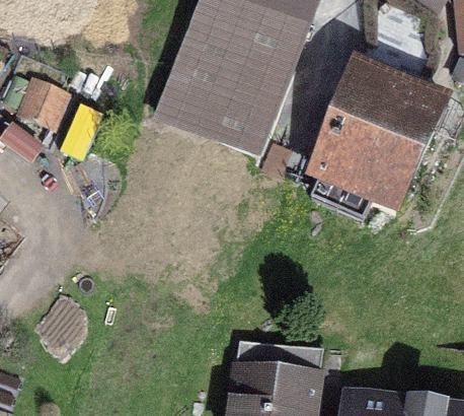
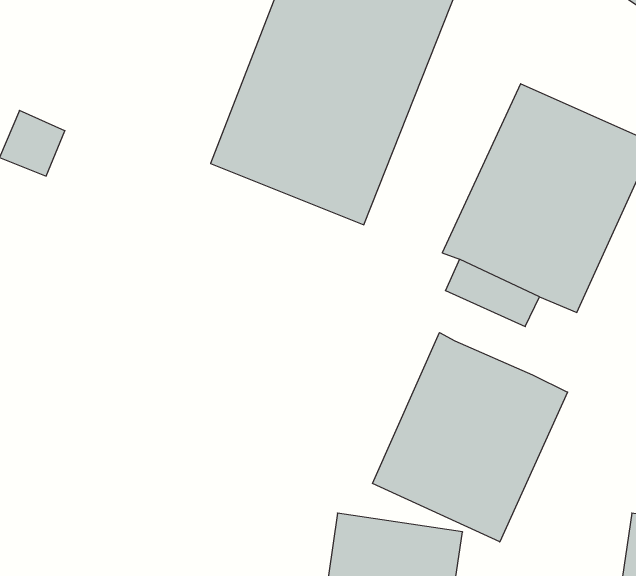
building: none -> [373,333,568,542]

